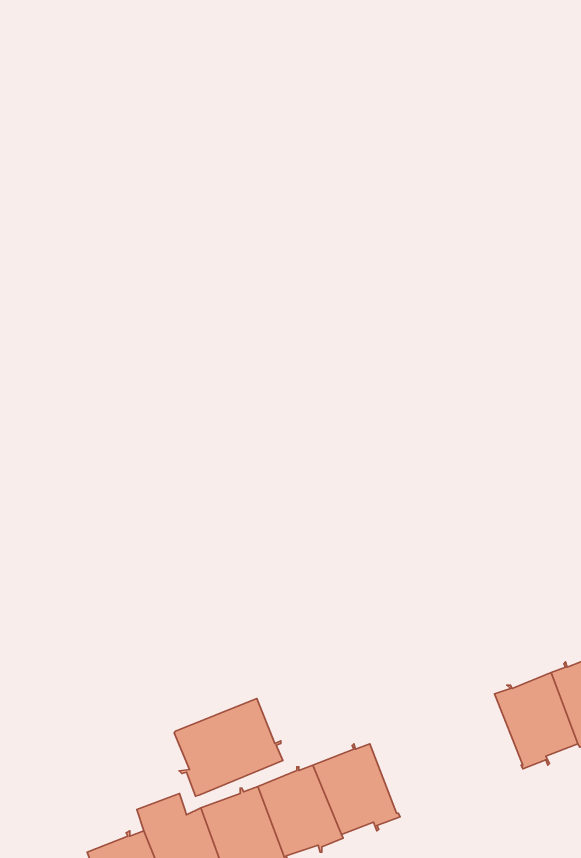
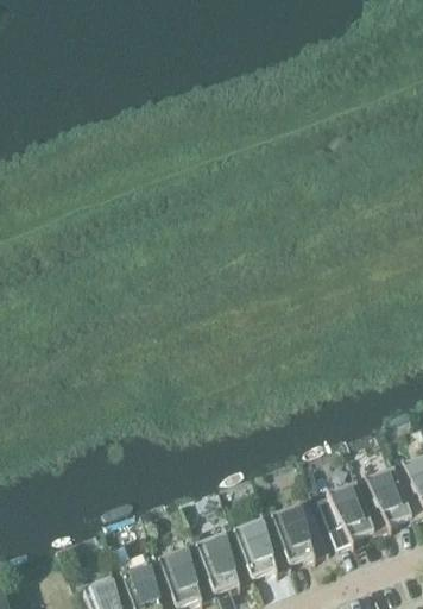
building: none -> [315,484,372,548]
building: [174,698,283,796] -> none
building: none -> [270,502,328,564]

